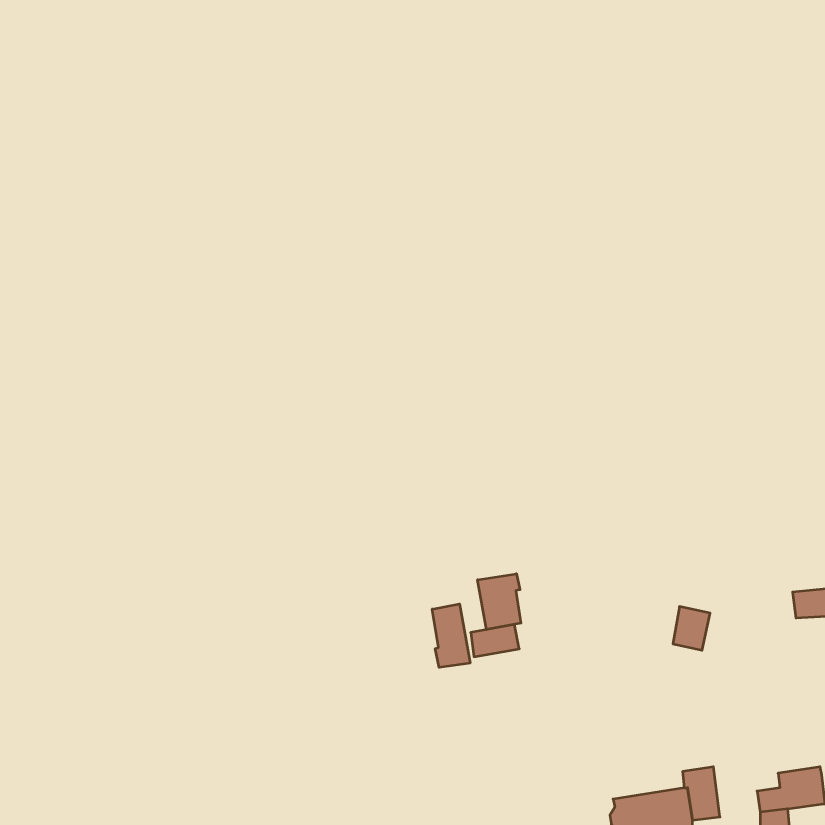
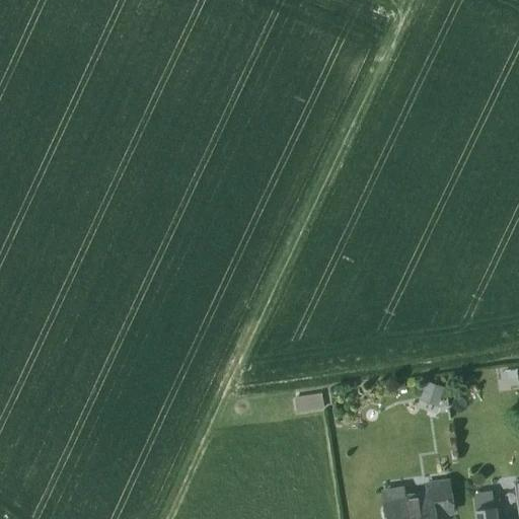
building: [478,574,521,630] -> none
building: [432,604,470,667] -> none

